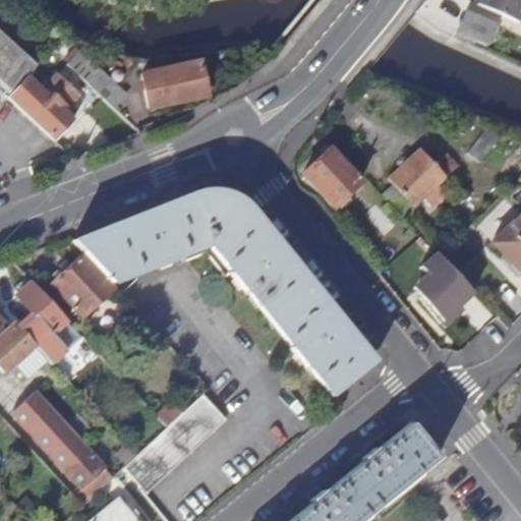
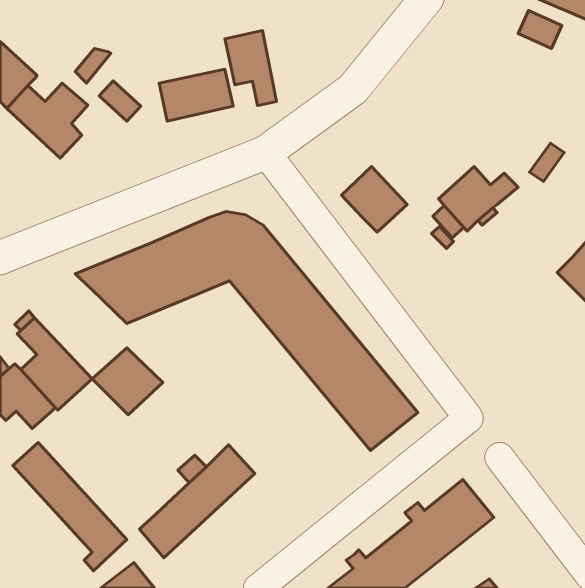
building: none -> [225,30,277,106]
building: [418,248,474,319] -> none
building: [54,254,116,313] -> [92,348,163,415]

